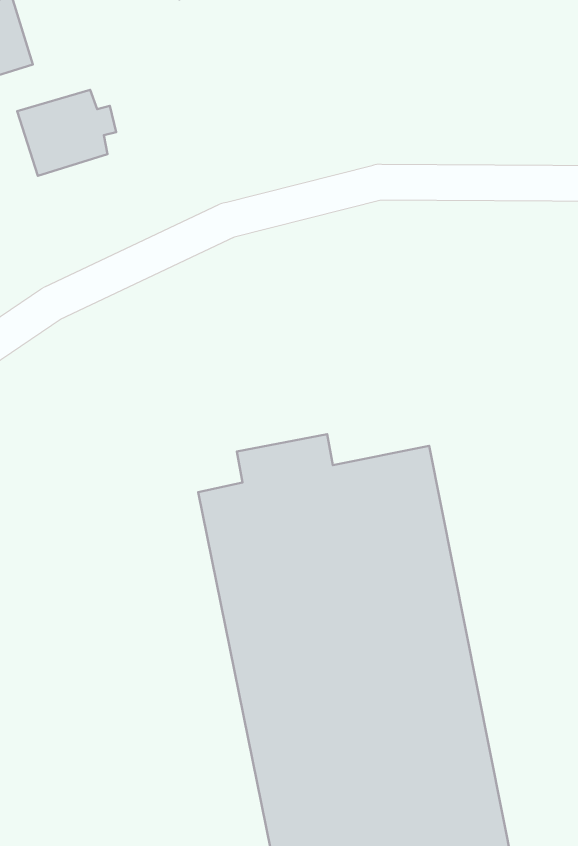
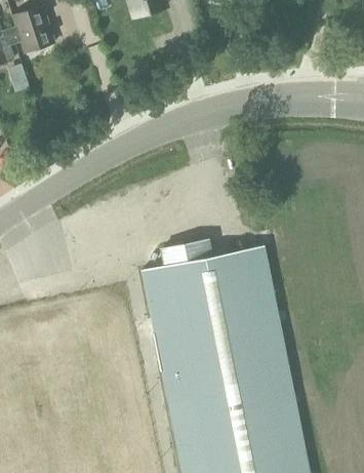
building: [17,90,116,176] -> none

